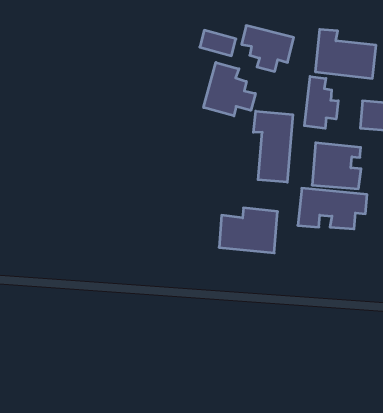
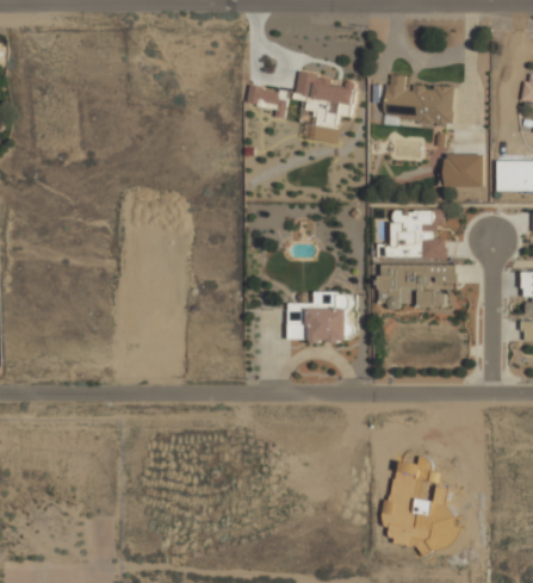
building: [204,62,255,116] -> none
building: [304,76,338,128] -> none
building: [253,111,293,182] -> none

